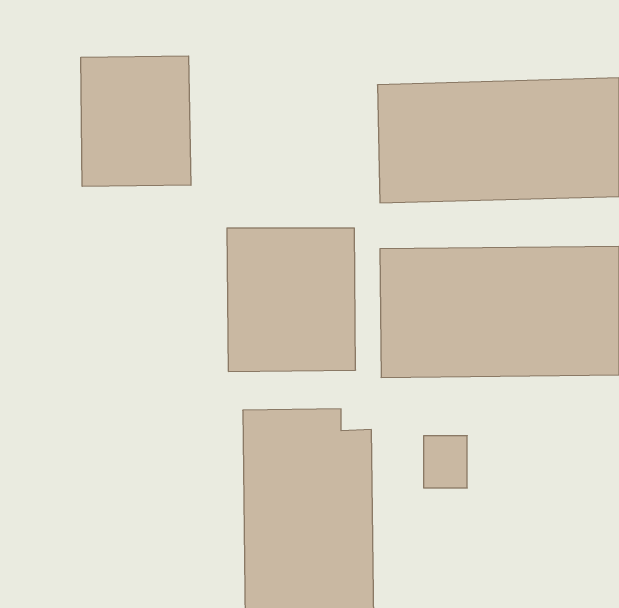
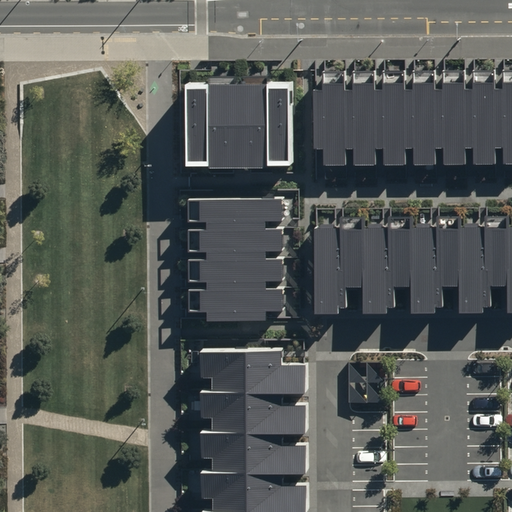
building: [81,56,191,186] -> none
building: none -> [187,84,292,172]

